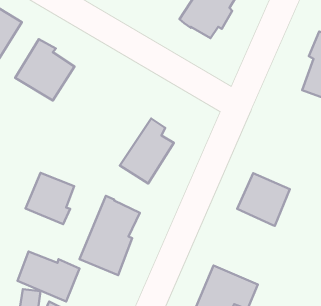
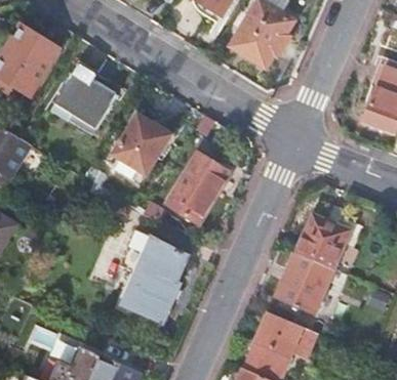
building: none -> [114,117,170,174]
building: [25,173,74,224] -> none
building: none -> [274,251,332,315]
building: [18,251,80,301] -> none

